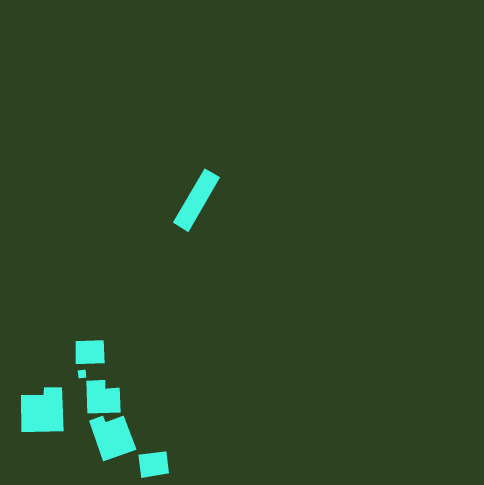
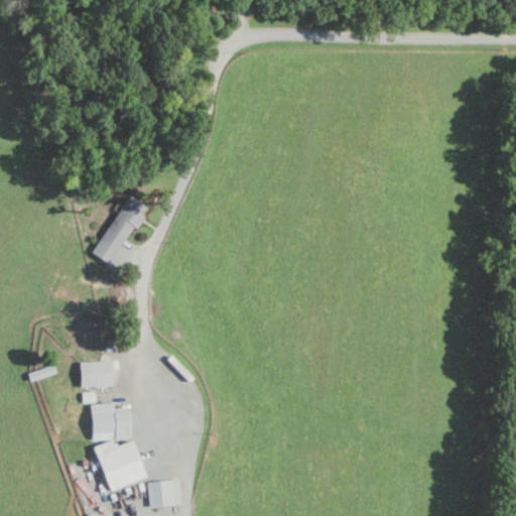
building: [172,168,221,233] -> [94,196,146,265]
building: [21,386,64,433] -> none

